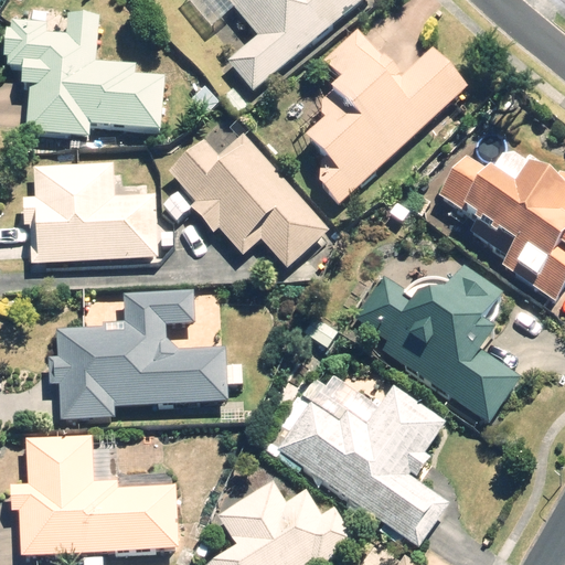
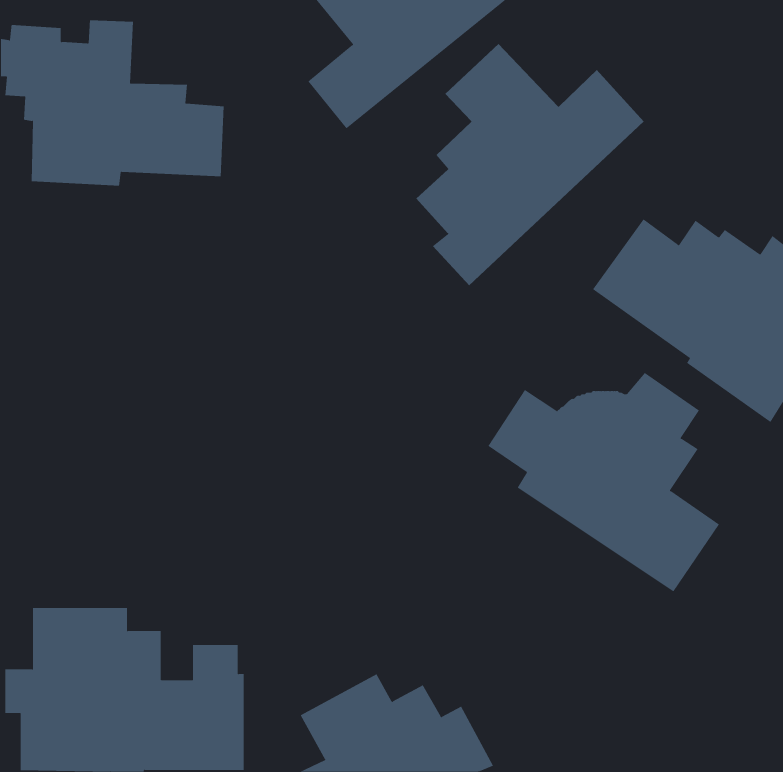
building: [162,135,328,269] -> none
building: [20,163,175,262] -> none
building: [51,289,245,417] -> none
building: [275,385,450,547] -> none

